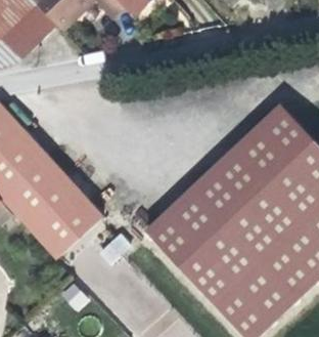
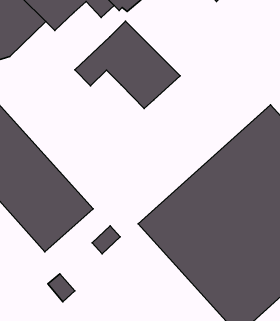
building: none -> [75,21,180,108]

